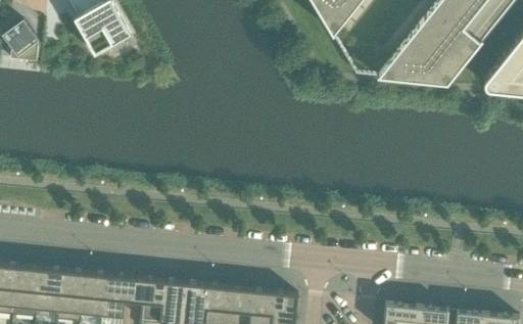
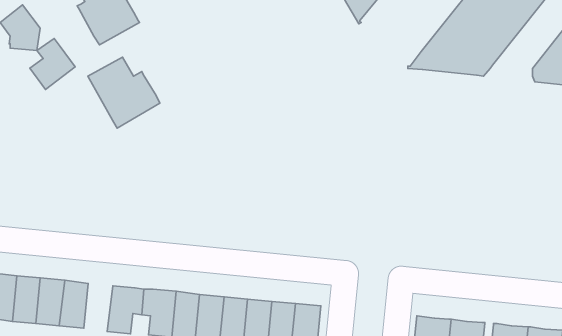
building: none -> [30,39,75,90]
building: none -> [88,57,160,128]
building: [80,275,106,319] -> none

